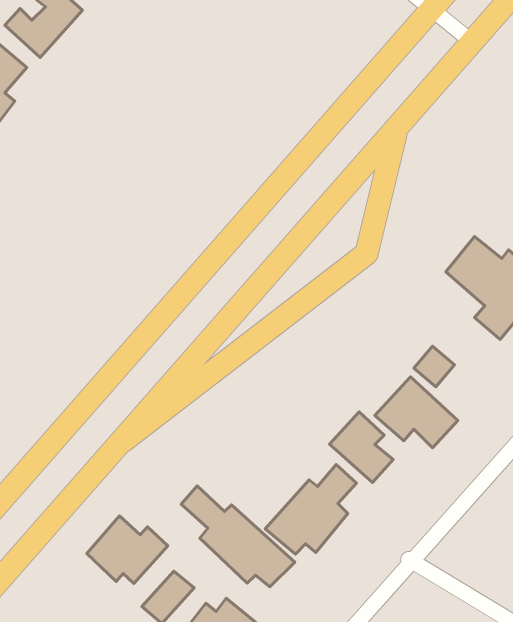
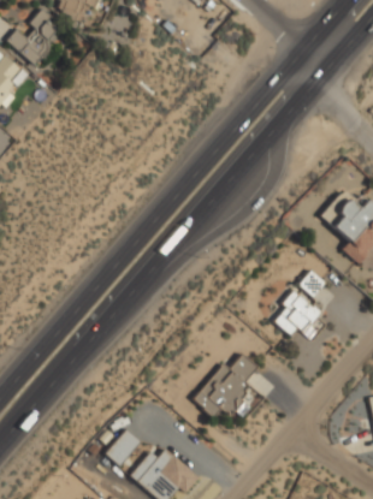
building: [330,412,393,483] -> none
building: [181,486,295,587] -> none
building: [87,516,168,584] -> none

